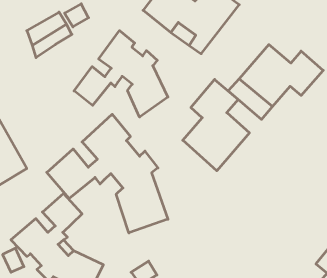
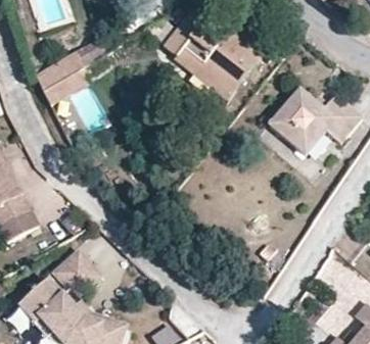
building: [74,31,168,117] -> none
building: [183,79,249,171] -> none
building: [47,114,168,233] -> none

